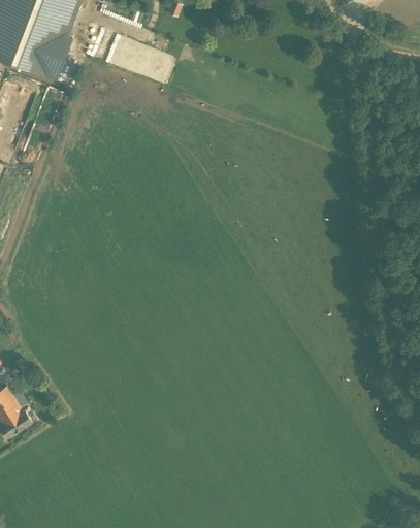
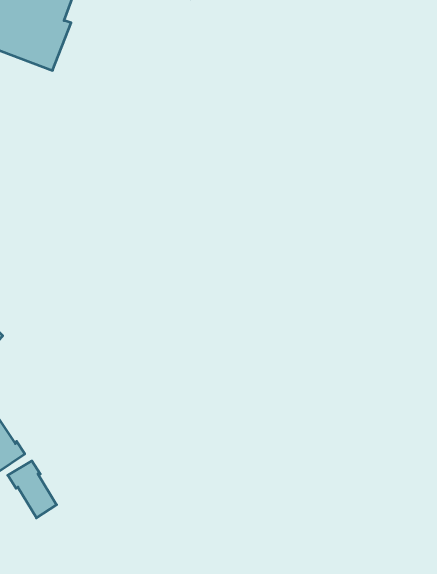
building: none -> [8,461,57,518]

